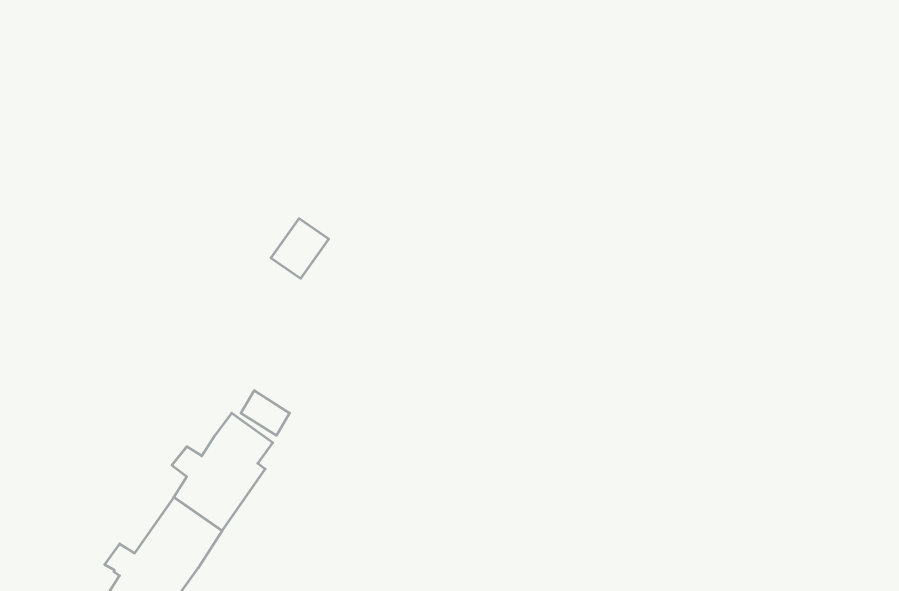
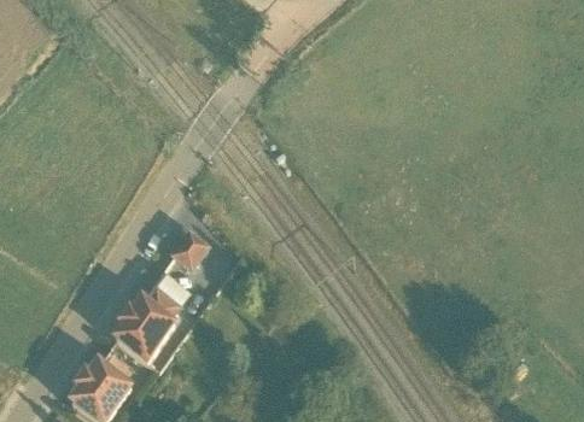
building: [271,219,329,278] -> [171,233,209,271]

